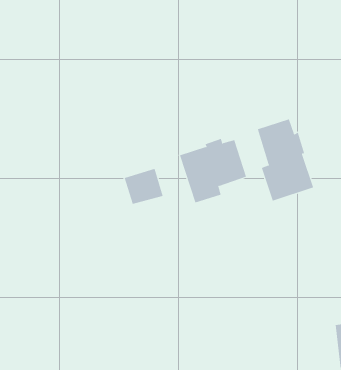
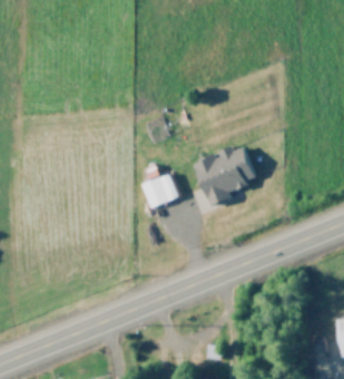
building: [257,118,314,201] -> none

